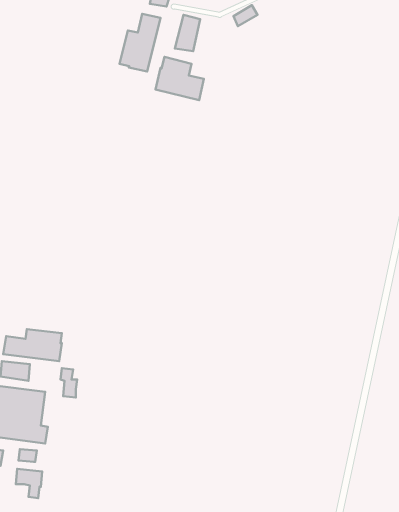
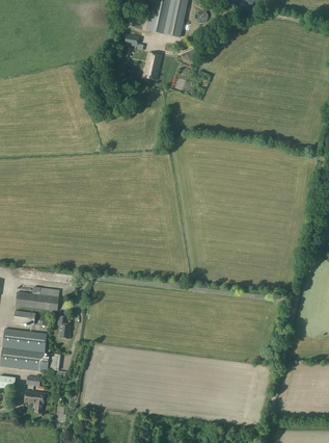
building: [119,14,160,71] -> none
building: [156,57,204,100] -> none

